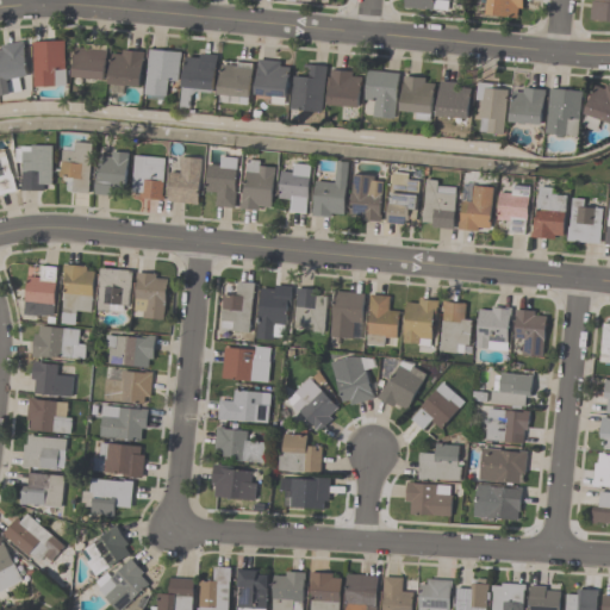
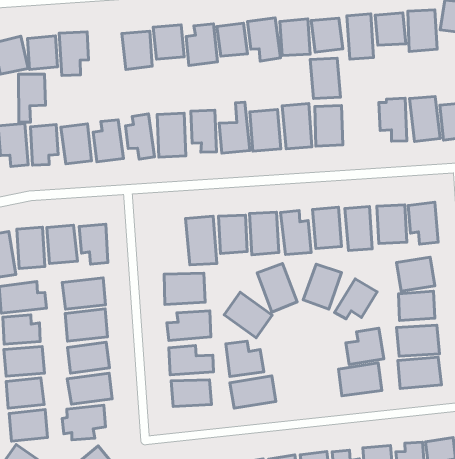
building: [179,51,217,108] -> [18,74,45,122]
building: [459,183,493,232] -> [310,58,340,99]
building: [219,282,253,332] -> none

